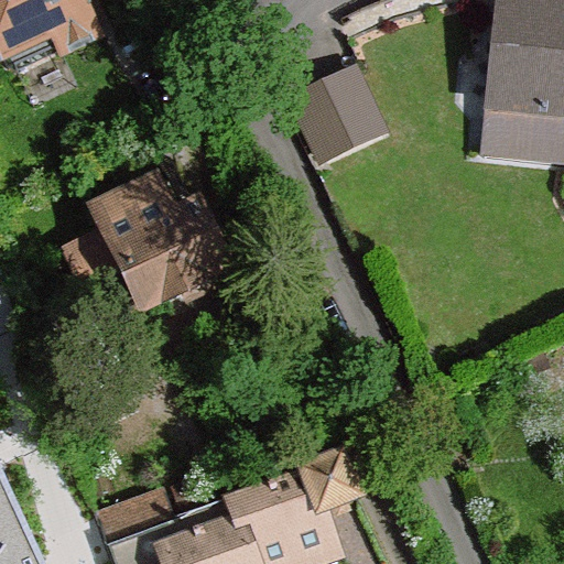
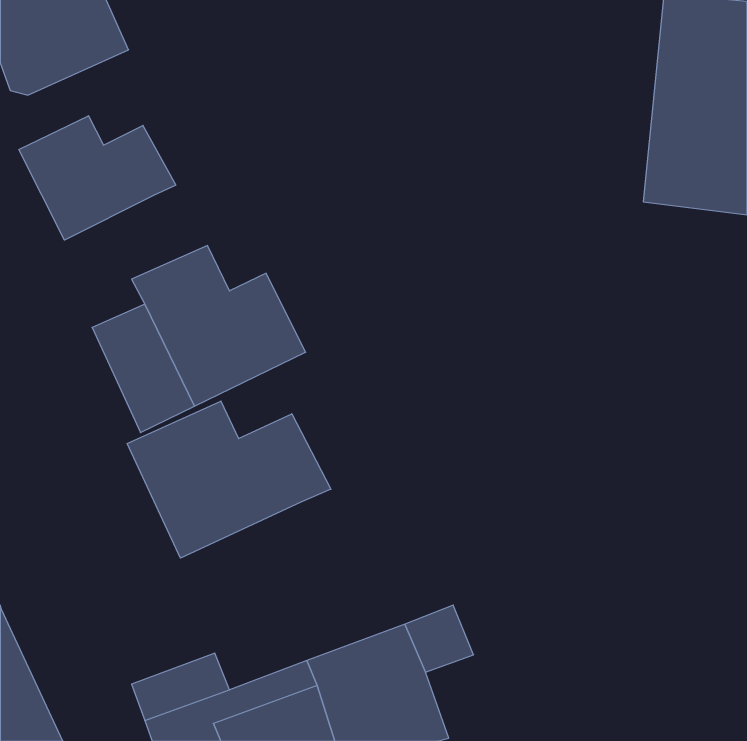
building: [297,72,384,158] -> none
building: none -> [19,116,176,240]
building: none -> [127,401,331,558]

